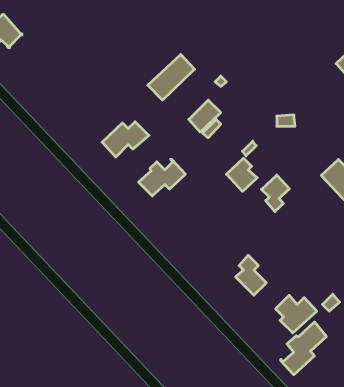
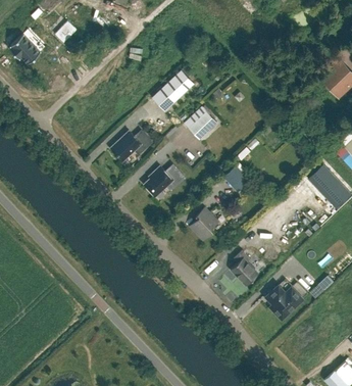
building: [261,175,289,212] -> none
building: none -> [191,207,218,240]
building: [281,322,326,375] -> none

